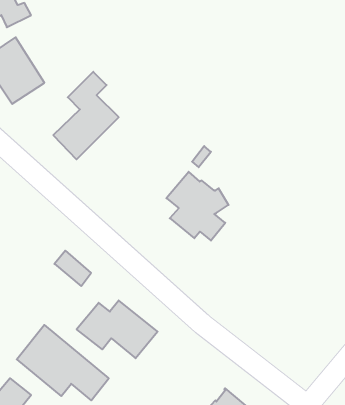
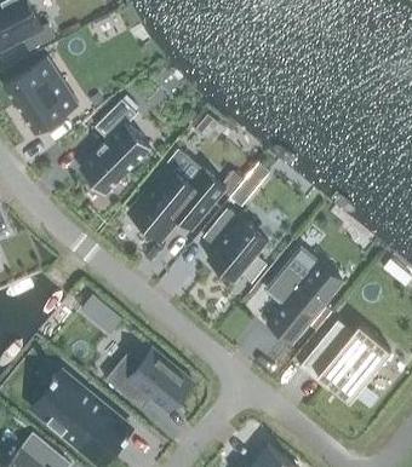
building: none -> [128,166,224,240]
building: none -> [267,263,342,342]
building: none -> [298,321,390,402]

